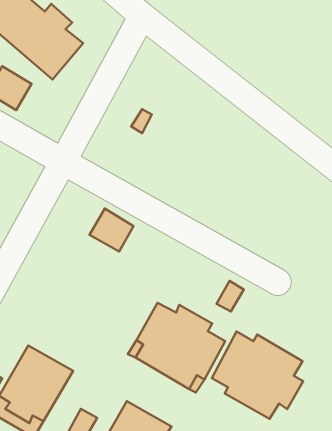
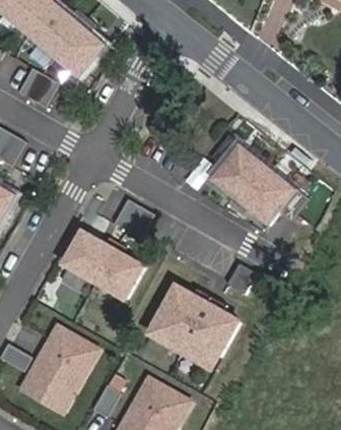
building: none -> [211,136,310,228]
building: none -> [64,232,147,301]
building: [212,331,303,419] -> none

